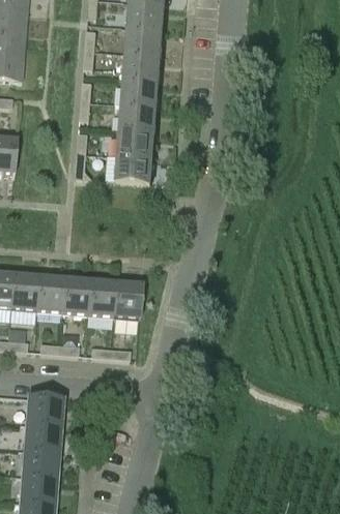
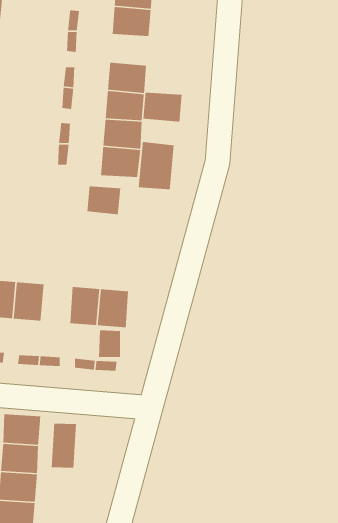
building: [123,51,160,79] -> [143,92,182,122]
building: none -> [138,141,174,190]
building: none -> [87,185,121,215]
building: [61,277,89,313] -> none
building: none -> [51,423,77,469]

